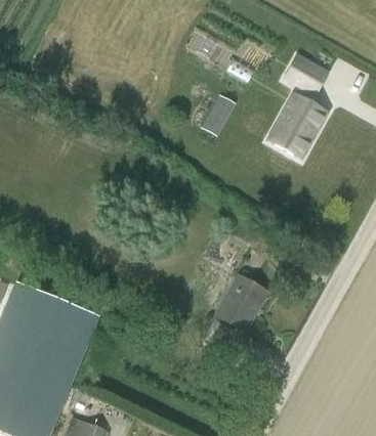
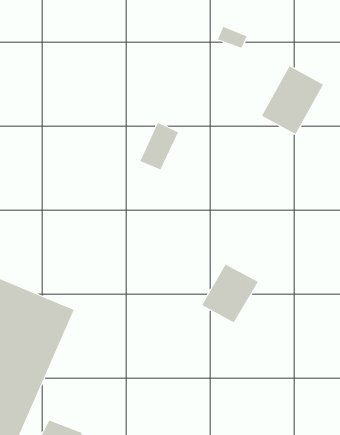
building: [284,55,327,94] -> none
building: [203,91,239,135] -> [140,122,179,170]

